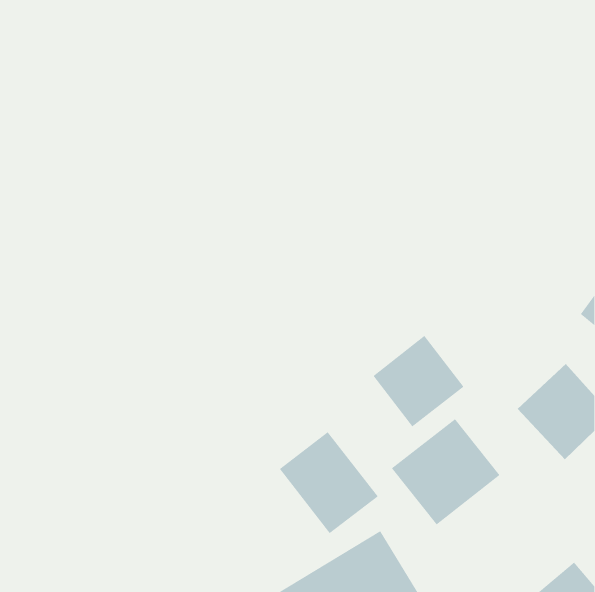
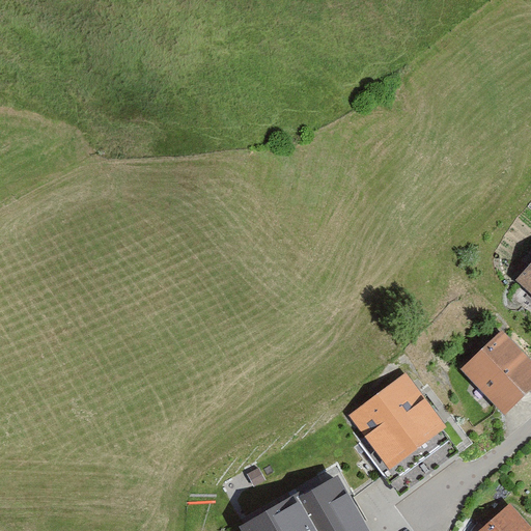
building: [372,335,464,428] -> none
building: [279,431,379,534] -> none

